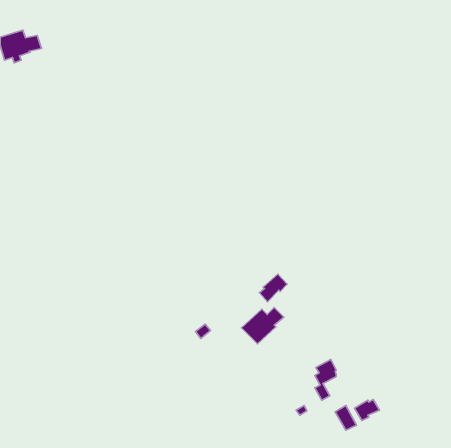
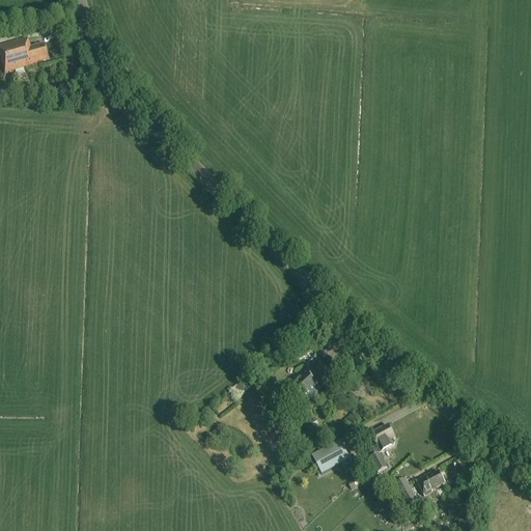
building: [260,274,287,302] -> none
building: none -> [313,438,351,471]

